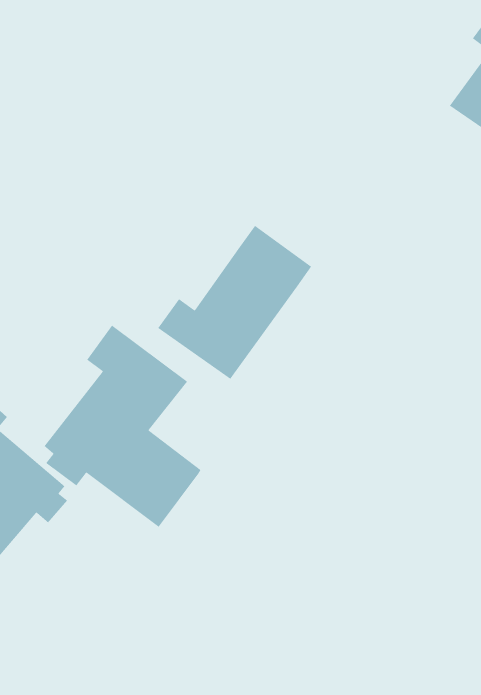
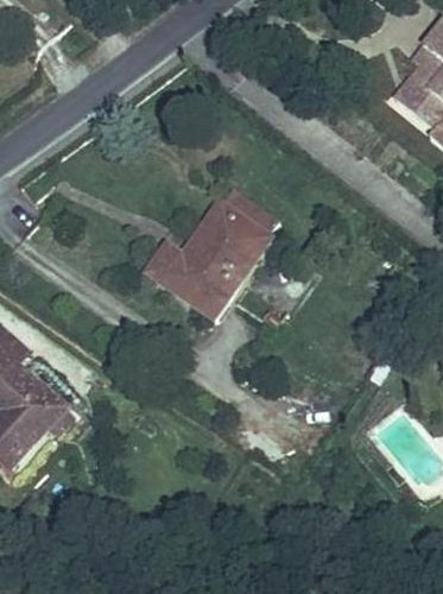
building: [43,324,202,528] -> none

